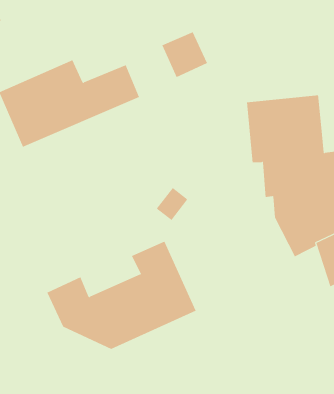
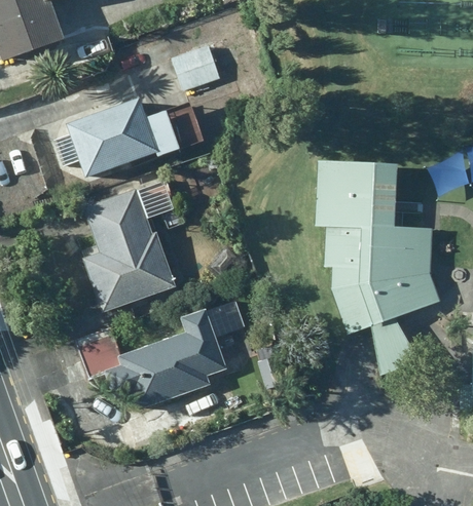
building: [161,31,208,78] -> [177,42,224,89]
building: none -> [83,188,174,306]

